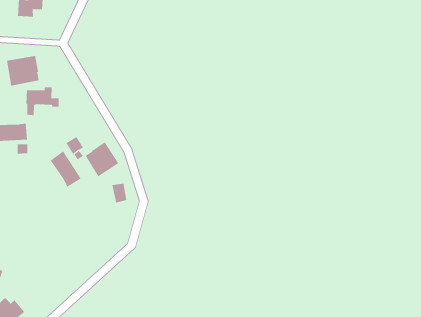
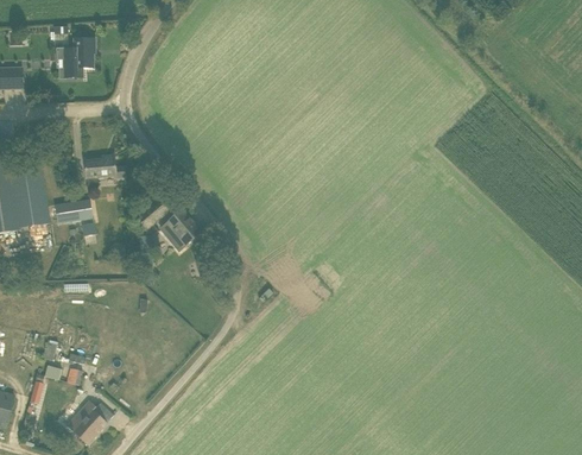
building: [6,55,39,87] -> none
building: [50,151,82,188] -> none

